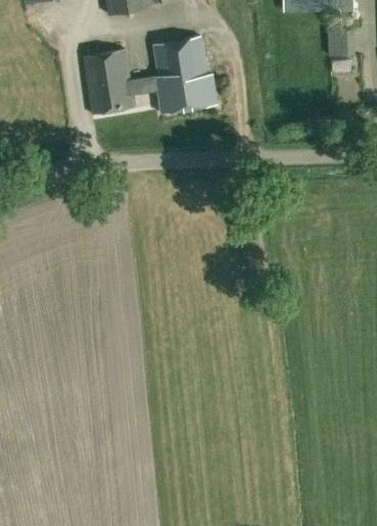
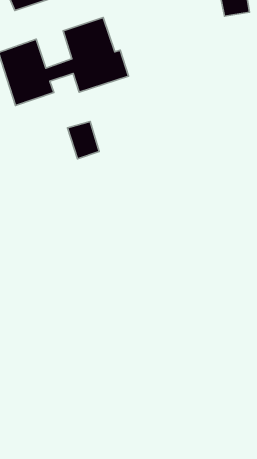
building: none -> [67,122,99,159]

